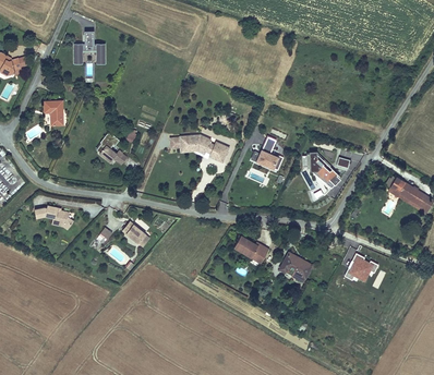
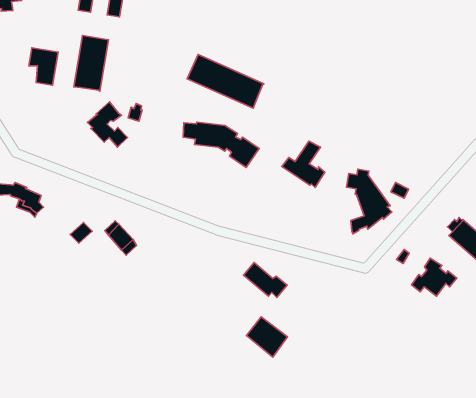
building: none -> [187,54,264,108]
building: none -> [74,36,108,91]
building: [280,252,312,281] -> [247,317,288,357]
building: [345,252,378,280] -> [412,258,457,296]

